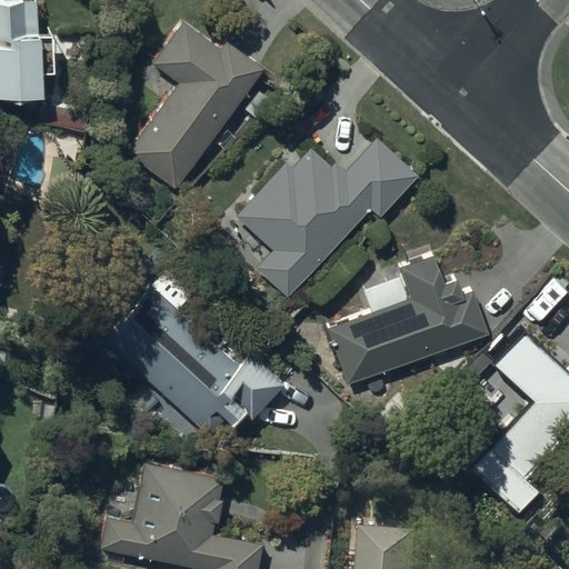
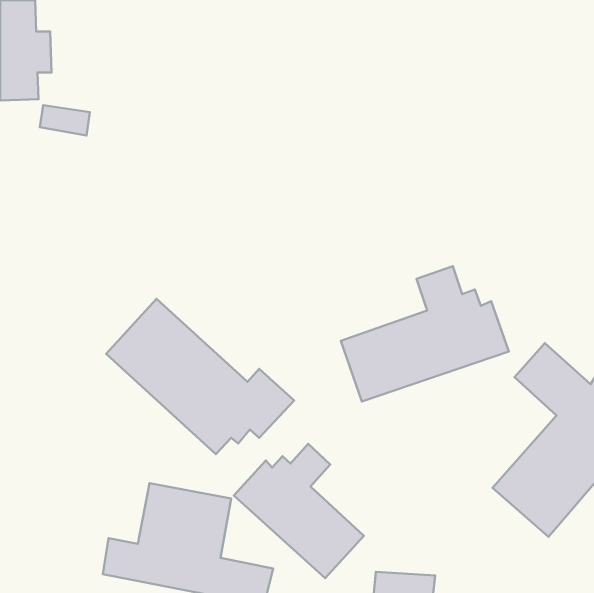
building: [127,23,266,189] -> none
building: [237,138,419,298] -> none
building: none -> [234,444,364,578]

